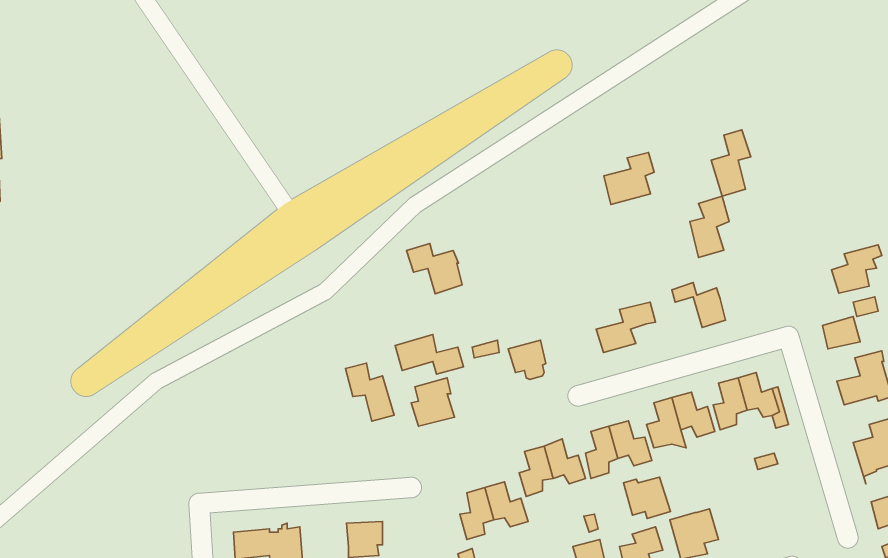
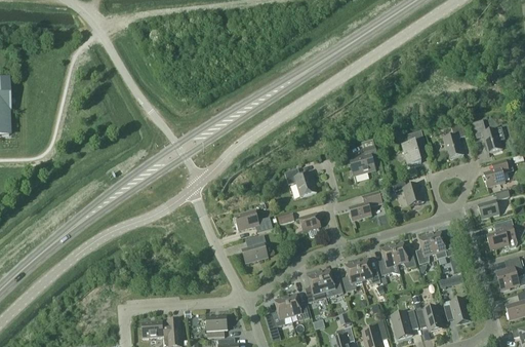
building: [711,130,751,196] -> [443,120,466,158]
building: [604,153,654,205] -> [349,145,377,175]
building: none -> [472,119,503,152]
building: [406,243,462,294] -> [284,167,316,196]
building: [345,363,394,421] -> none
building: [624,477,670,519] -> [415,306,442,330]
building: none -> [442,298,469,322]

